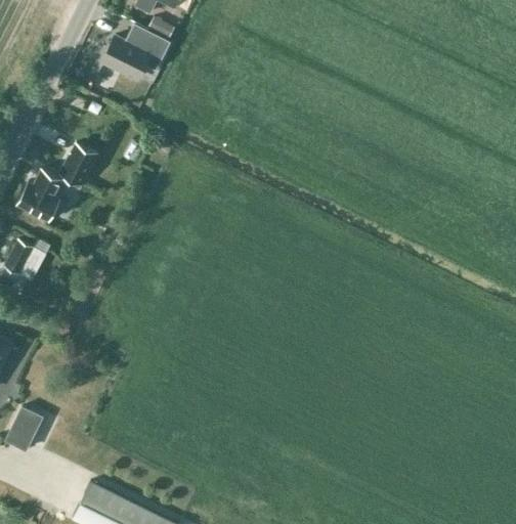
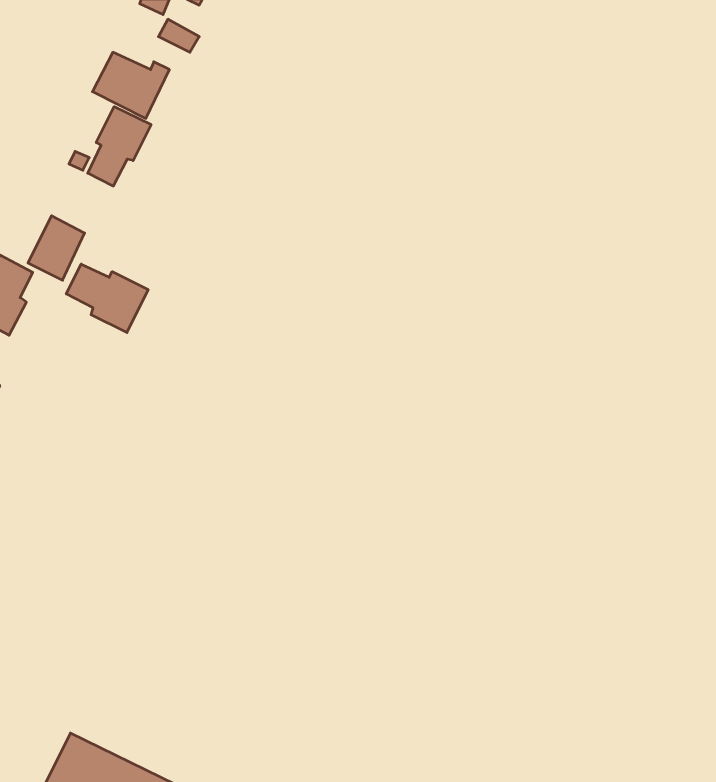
building: none -> [88,107,151,186]
building: none -> [66,264,148,333]

